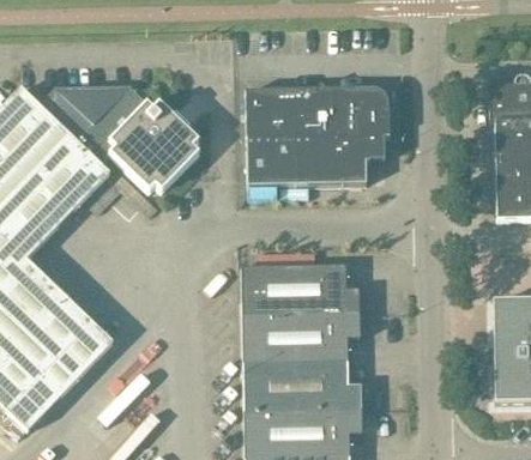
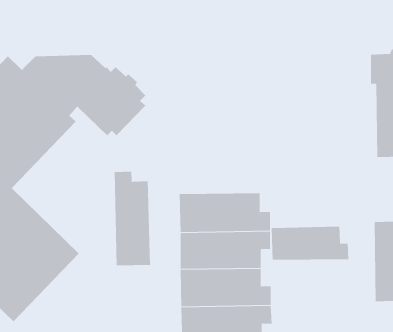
building: [246,83,391,184] -> none
building: none -> [114,171,151,266]
building: none -> [271,226,349,261]

